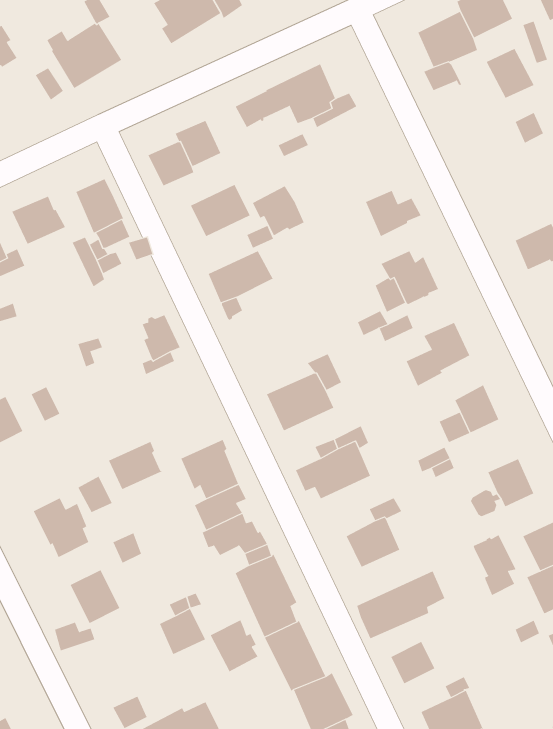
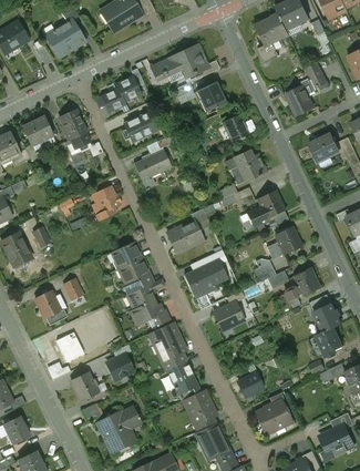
building: [486,48,534,99] -> [286,88,313,116]
building: [252,185,305,236] -> [196,81,226,110]
building: [108,441,165,490] -> [111,240,143,268]
building: [473,534,516,596] -> none
building: [357,571,445,639] -> none
building: [210,620,258,672] -> [70,371,97,401]

